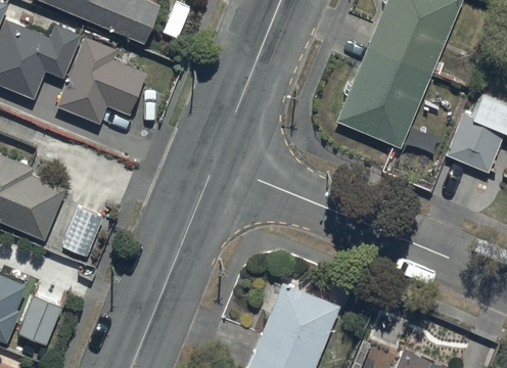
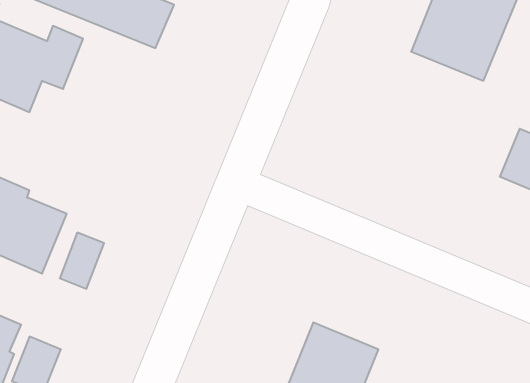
building: [56,36,146,124] -> none
building: [336,46,431,147] -> none

